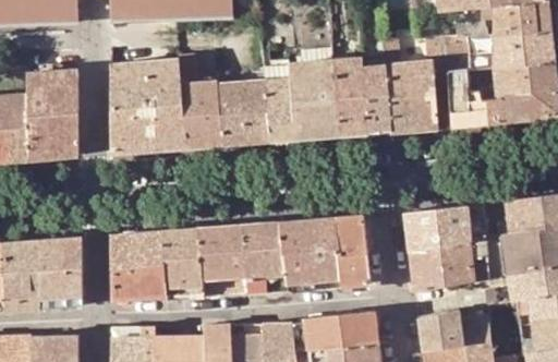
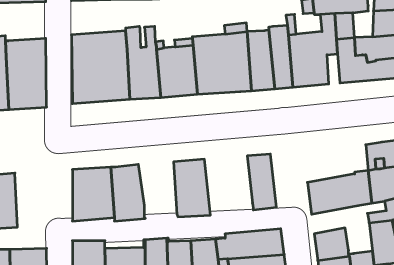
building: [405,204,487,252] -> none
building: [279,218,340,293] -> none
building: [195,226,244,297] -> none
building: [38,237,83,309] -> none

